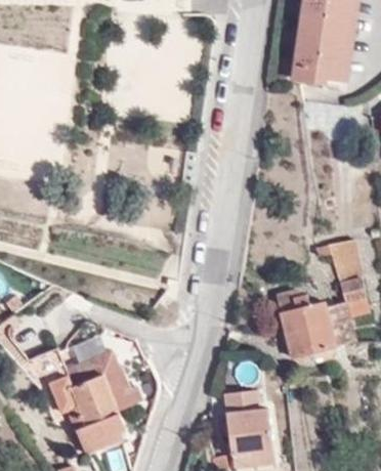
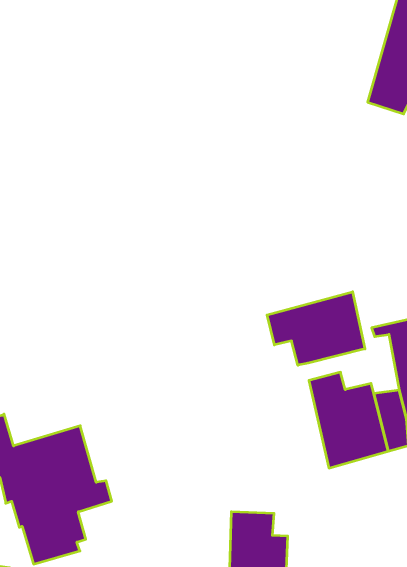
building: none -> [267,292,365,365]

